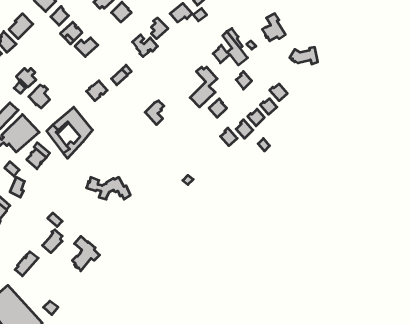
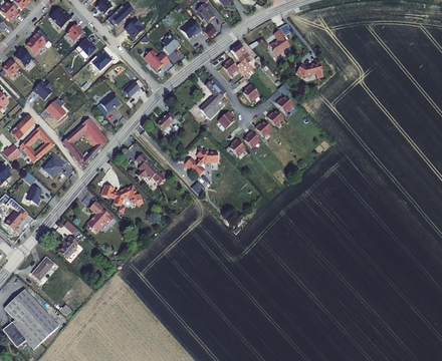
building: none -> [185,149,219,175]
building: none -> [136,153,165,184]
building: [72,236,100,271] -> [86,201,113,234]

